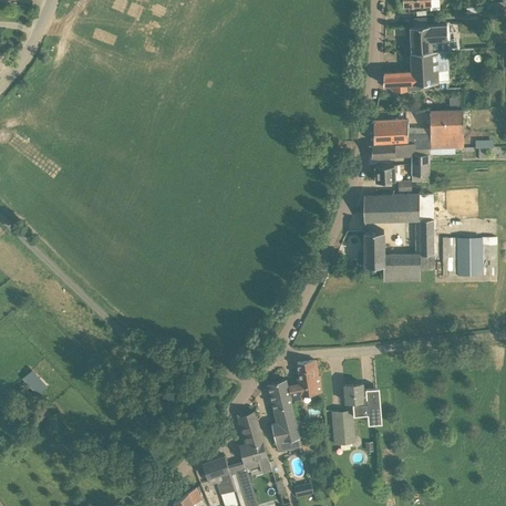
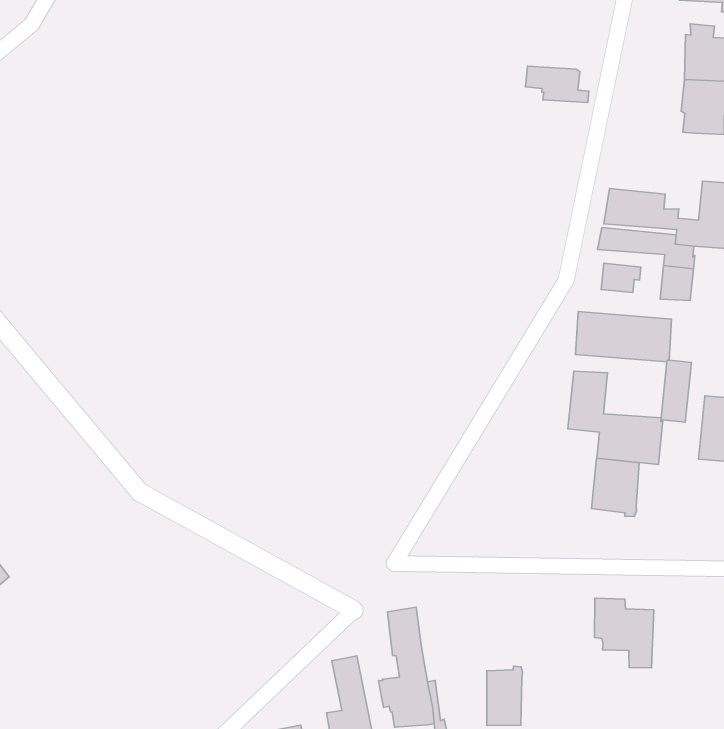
building: [383,72,421,92] -> [525,66,589,102]
building: none -> [591,458,639,516]
building: [288,361,322,403] -> none
building: [344,384,382,424] -> [594,598,654,668]

